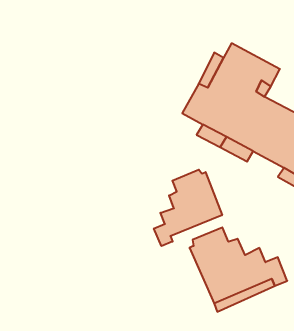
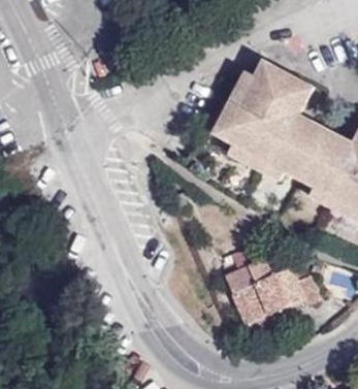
building: [154,170,222,246] -> none

